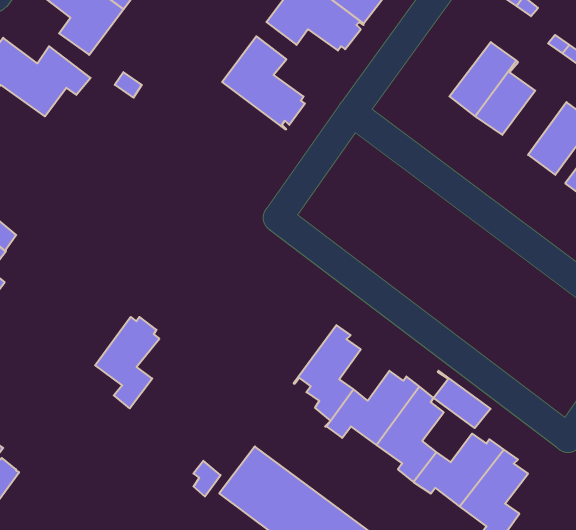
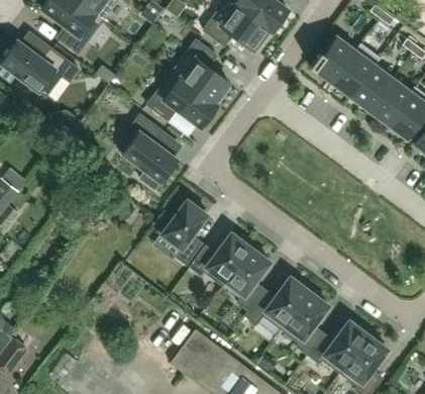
building: none -> [310,36,361,82]
building: none -> [147,72,216,126]
building: none -> [369,78,415,123]
building: none -> [119,114,177,189]
building: none -> [190,232,252,285]
building: [95,317,159,408] -> [162,199,207,264]
building: [434,371,491,428] -> none

